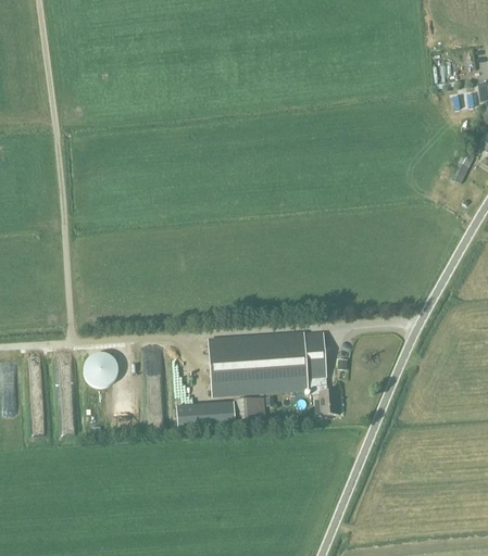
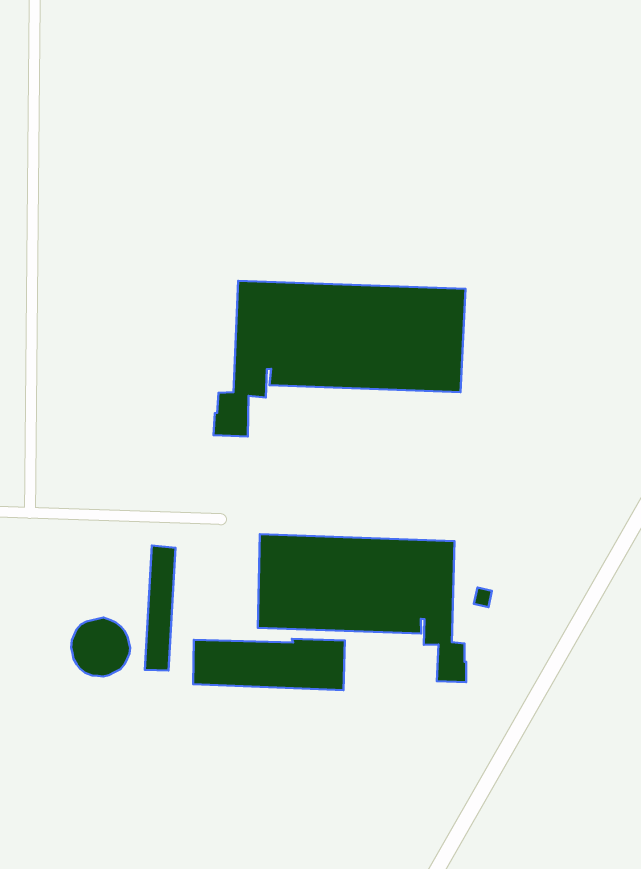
building: none -> [214,281,465,436]
building: [84,351,118,386] -> [71,618,130,677]

